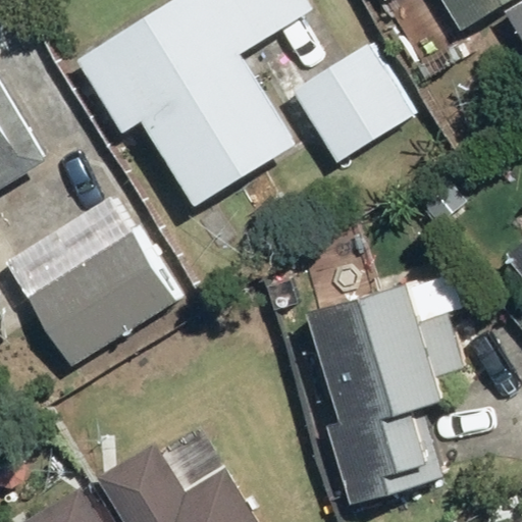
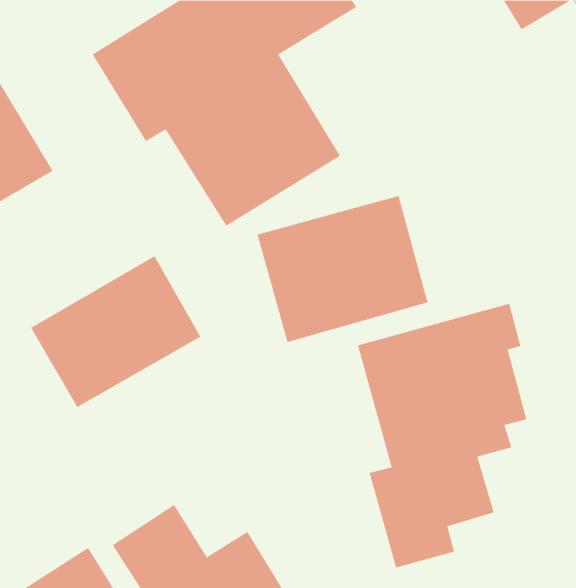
building: [293,45,413,161] -> none
building: none -> [257,195,428,343]

